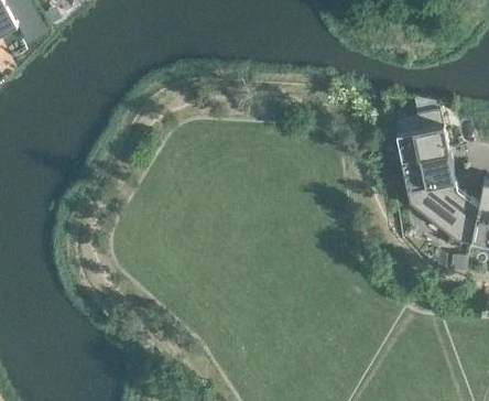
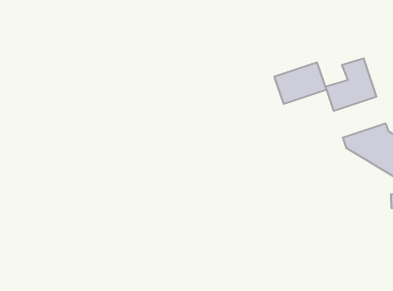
building: [400,152,454,192] -> [274,63,327,104]

